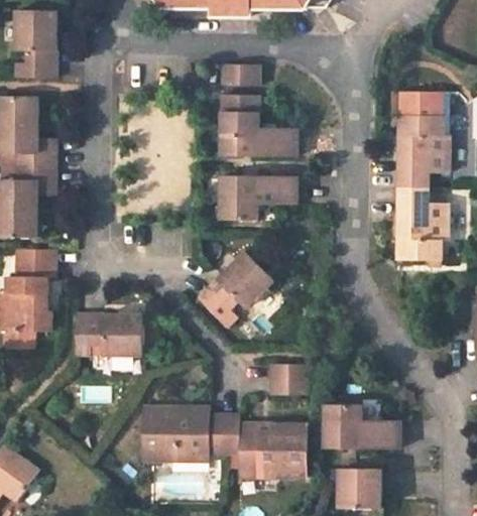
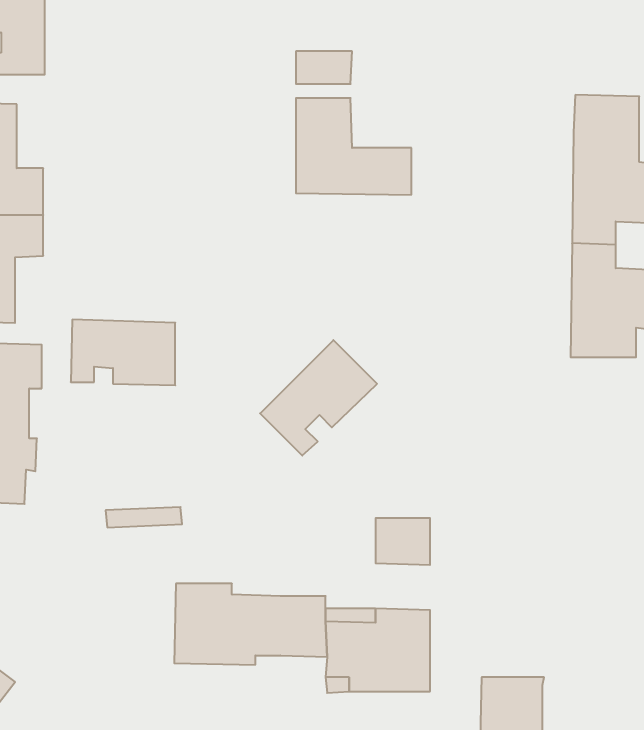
building: [218,174,292,219] -> none
building: [74,313,141,356] -> [71,320,175,385]
building: [325,403,399,449] -> none

